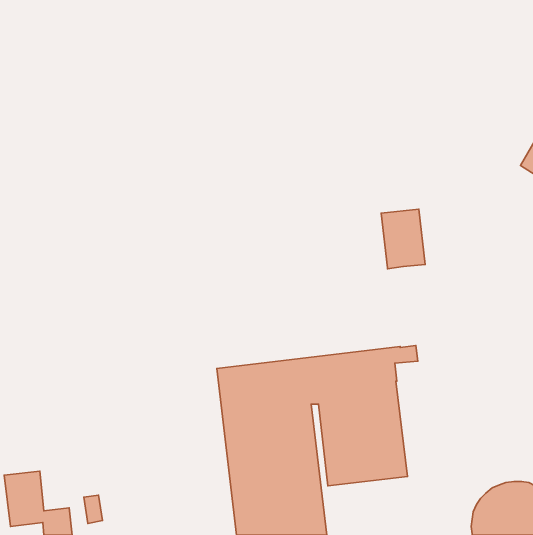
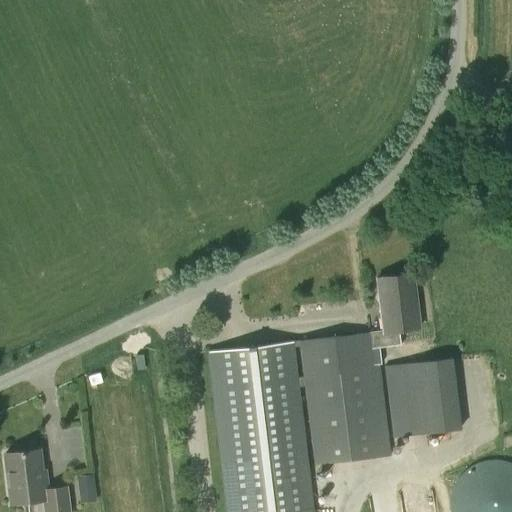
building: [381,209,425,269] -> [378,275,420,332]
building: none -> [385,358,461,437]

